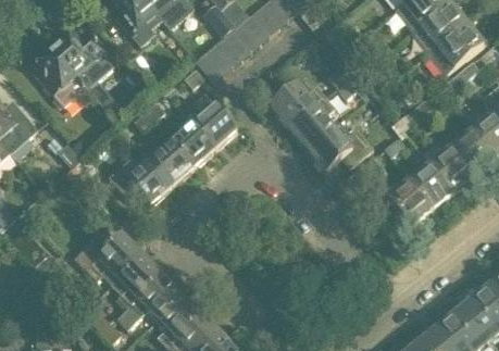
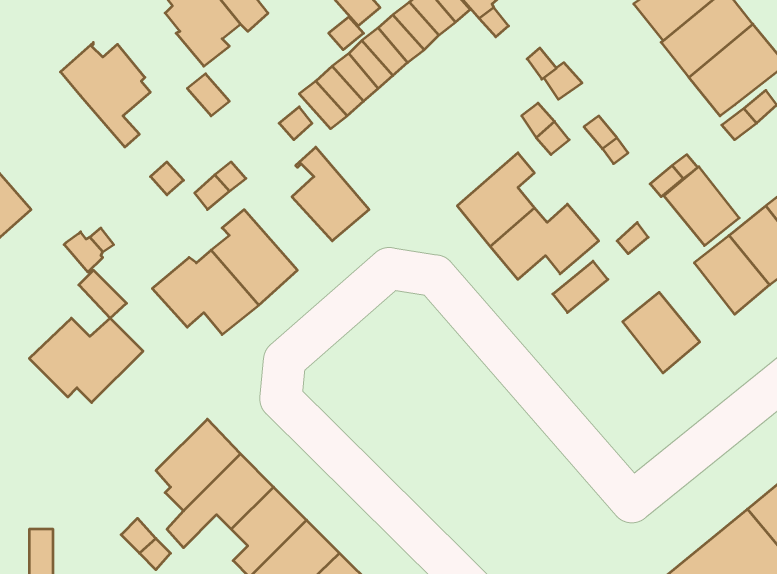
building: [34,47,93,104] -> none
building: [271,75,326,126] -> none
building: [164,120,216,164] -> none
building: [410,160,454,206] -> [664,167,739,246]
building: [75,233,142,283] -> [29,318,143,403]

